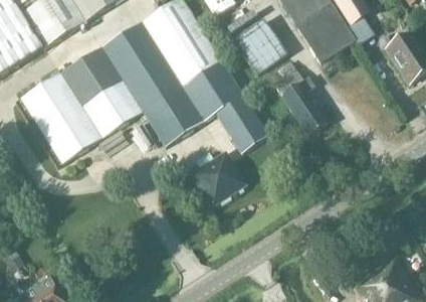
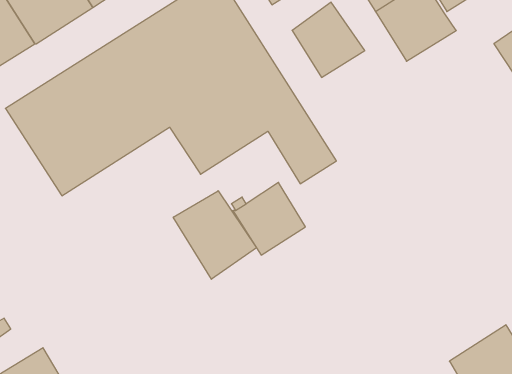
building: [268,61,326,136] -> none
building: none -> [173,191,257,279]

